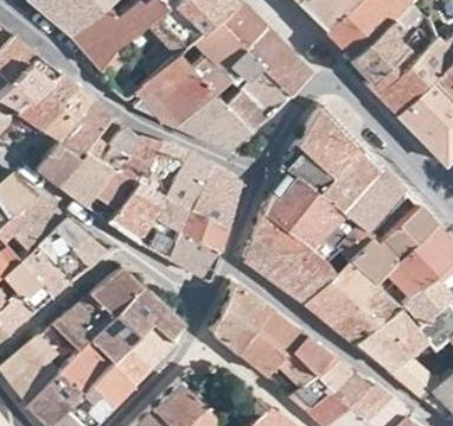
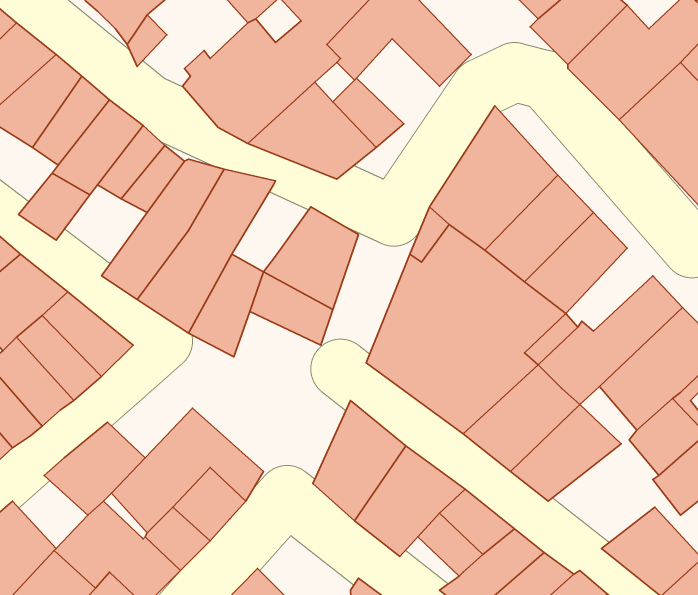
building: [241,65,291,116] -> none
building: [60,153,115,208] -> none
building: [166,153,213,205] -> none
building: [167,229,219,279] -> none
building: [91,269,142,317] -> none
building: [356,309,427,371] -> none

